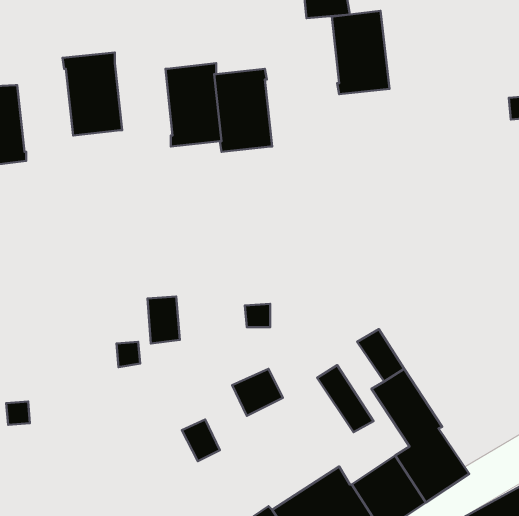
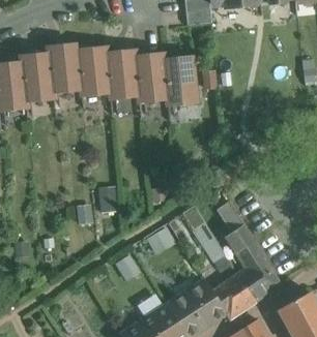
building: [332,11,390,94] -> [164,57,197,104]
building: none -> [78,48,111,95]
building: none -> [21,54,55,101]

